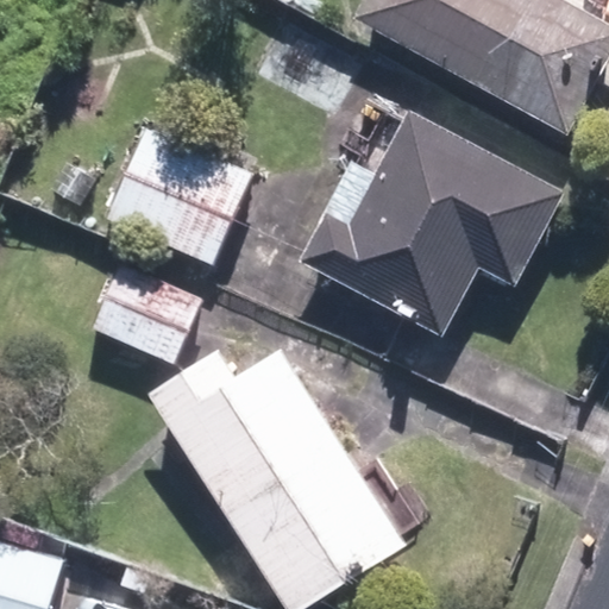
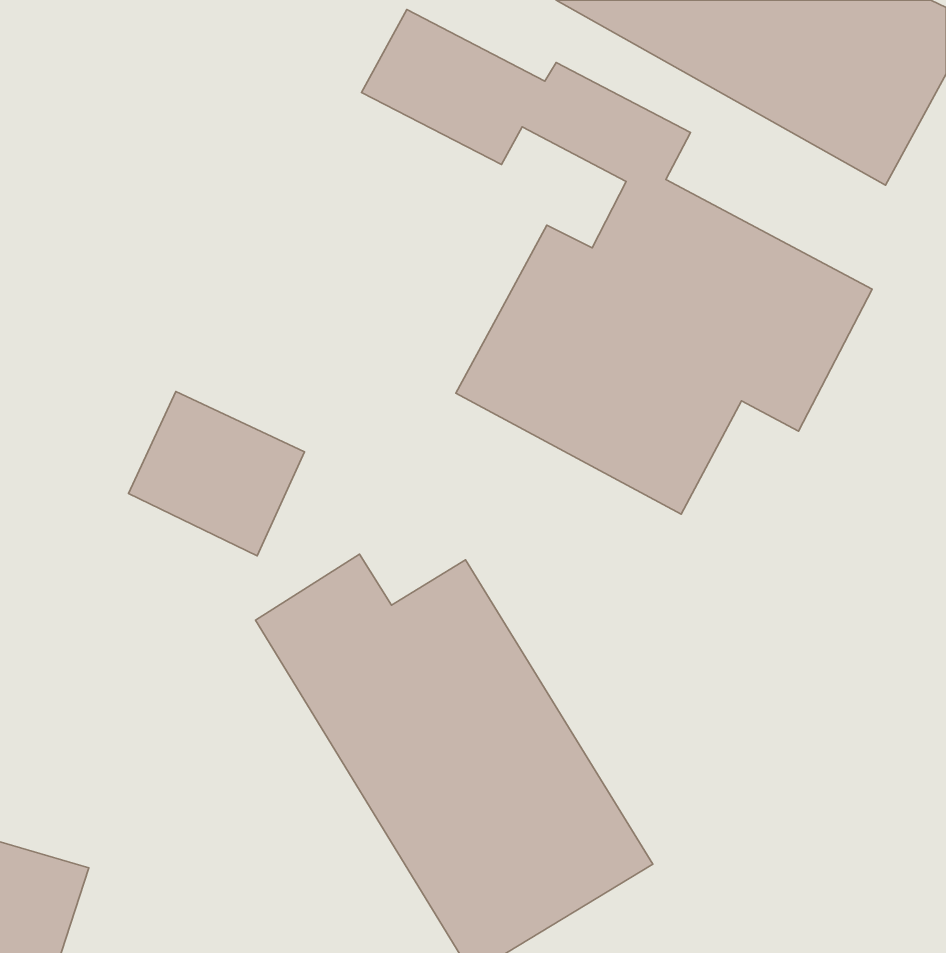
building: [108,132,256,270] -> none

